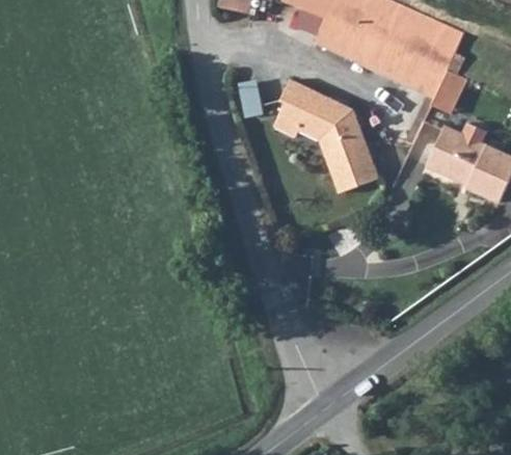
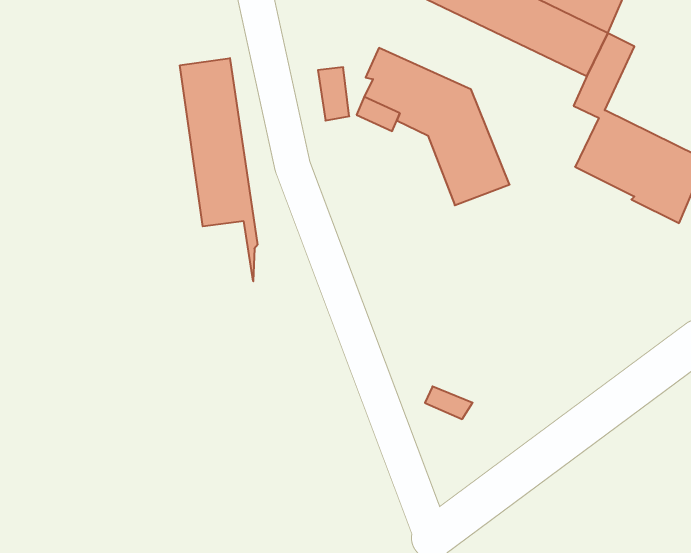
building: none -> [180,58,257,281]

